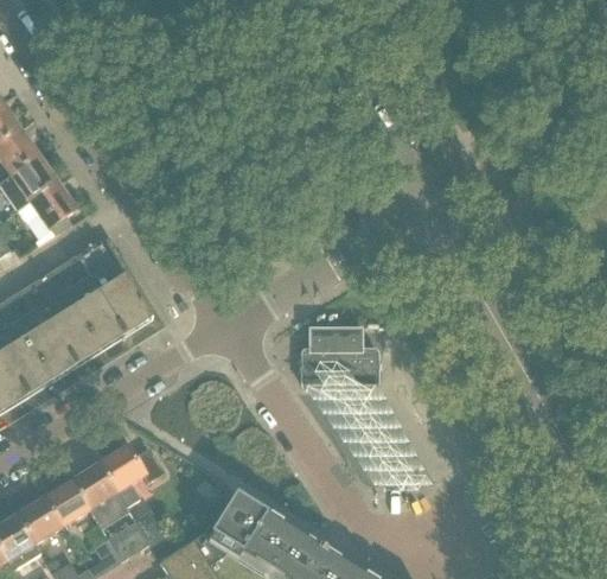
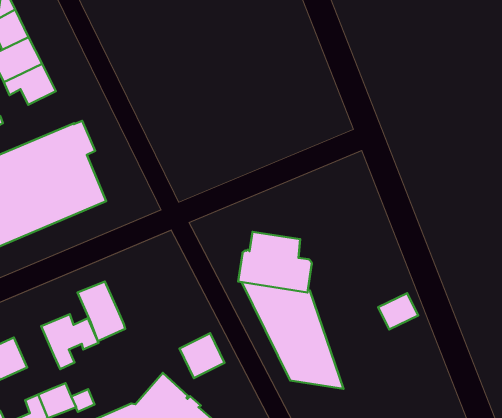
building: none -> [378,293,418,329]
building: none -> [180,333,225,378]
building: [71,465,128,530] -> [78,281,125,341]

